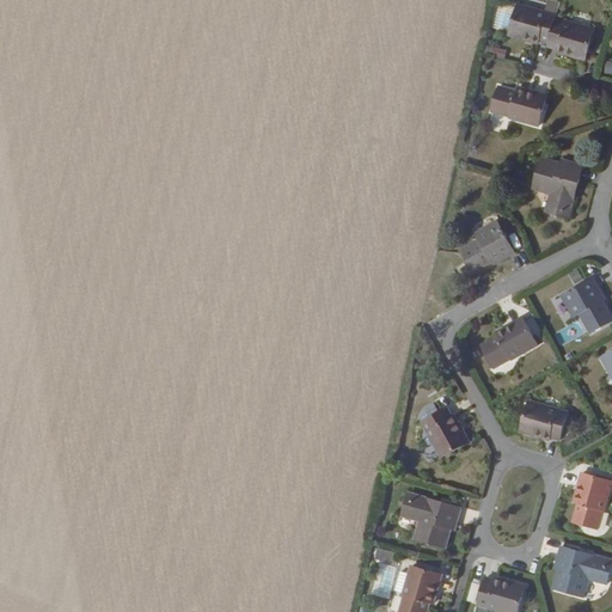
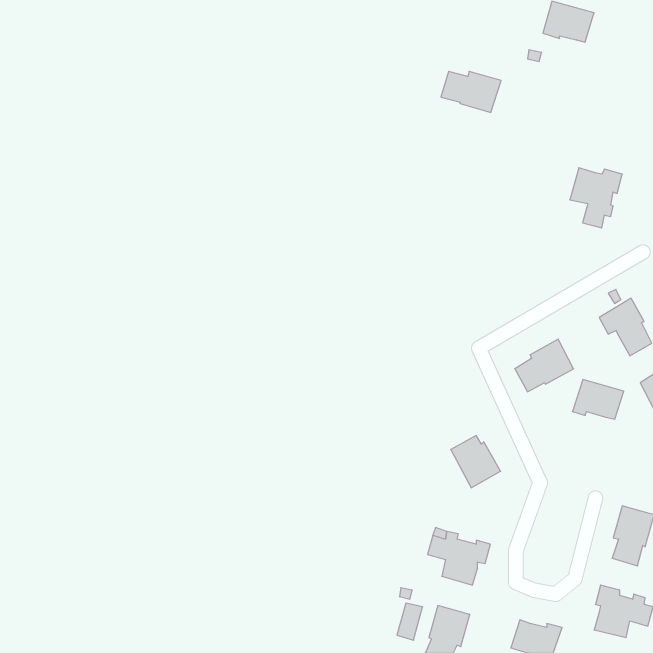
building: [547,16,593,56] -> none
building: [490,86,546,124] -> [441,71,501,112]
building: [459,221,513,271] -> none
building: [522,404,570,441] -> [572,380,624,419]

